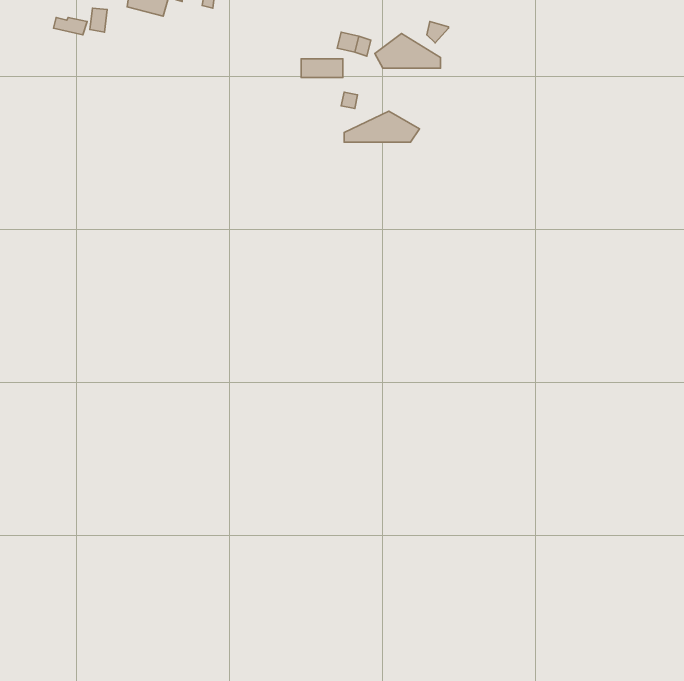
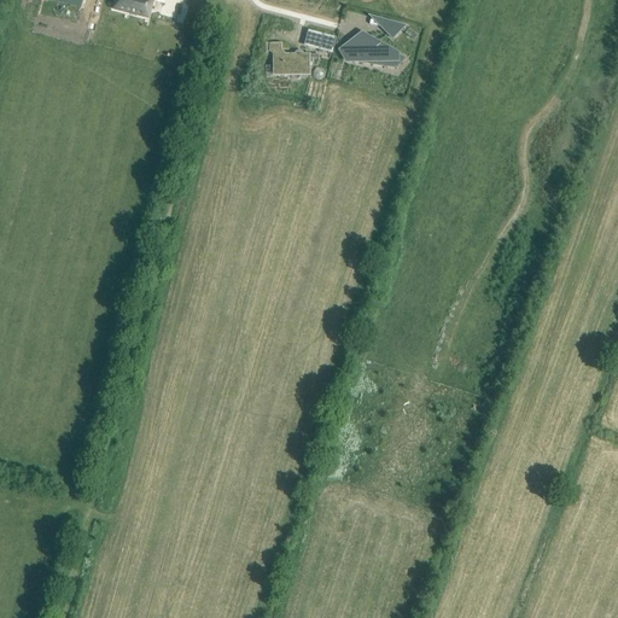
building: [344,111,420,142] -> none

